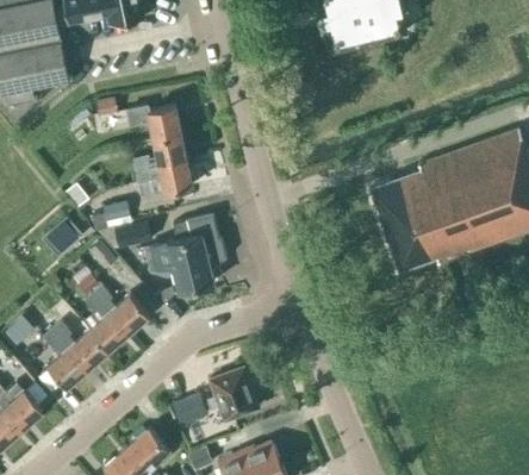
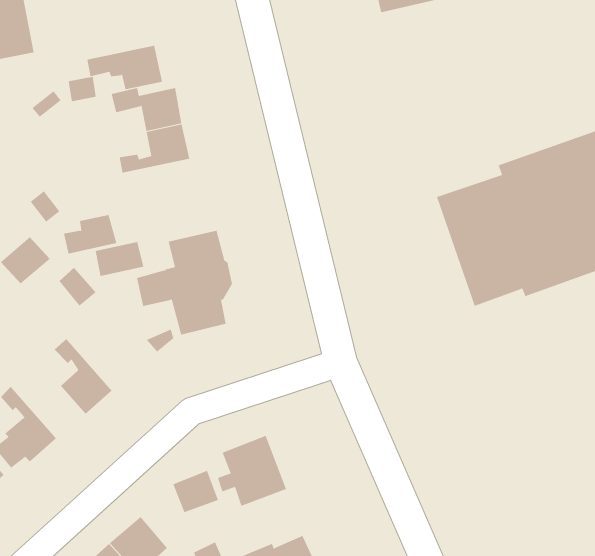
building: [136,160,193,193] -> [87,45,163,90]
building: [94,286,149,333] -> none
building: [52,321,108,369] -> none

